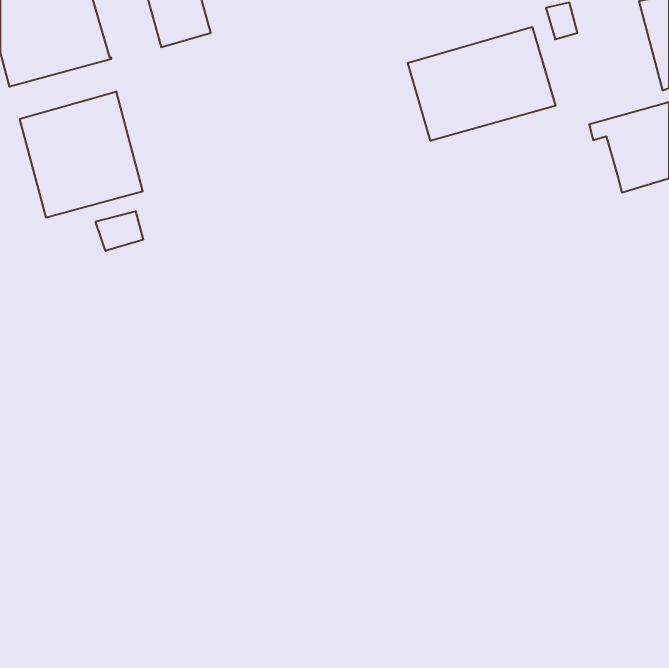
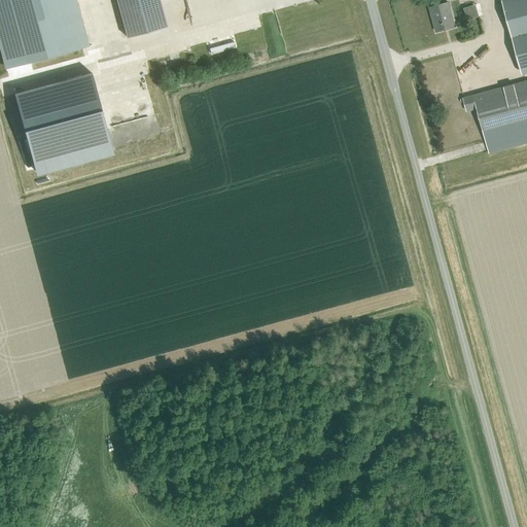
building: [408,27,556,141] -> none
building: [96,211,143,251] -> none

